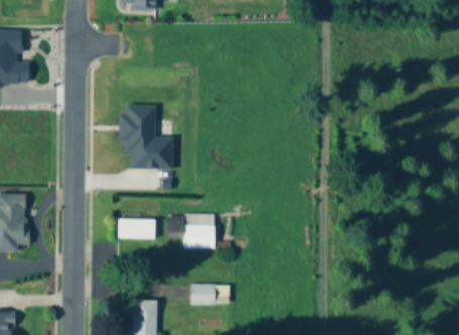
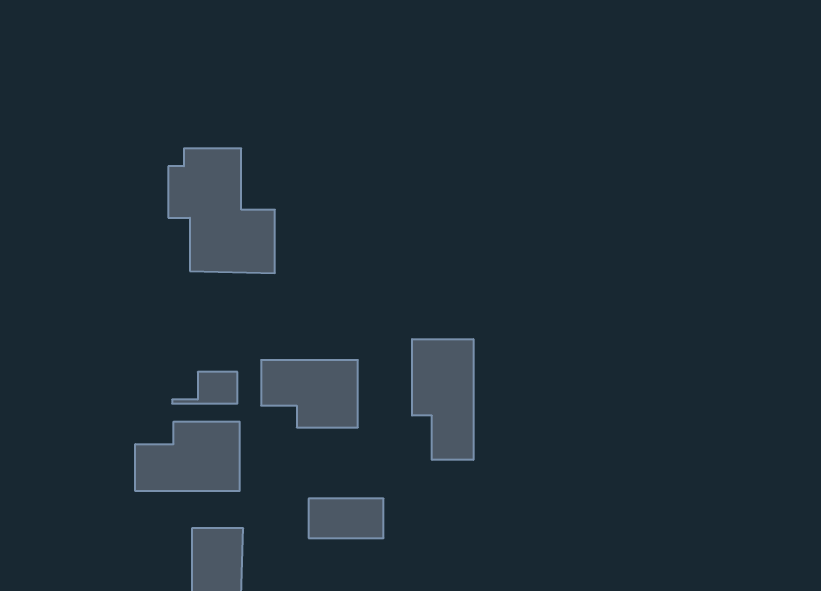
building: none -> [412,339,473,460]
building: none -> [135,422,240,491]

